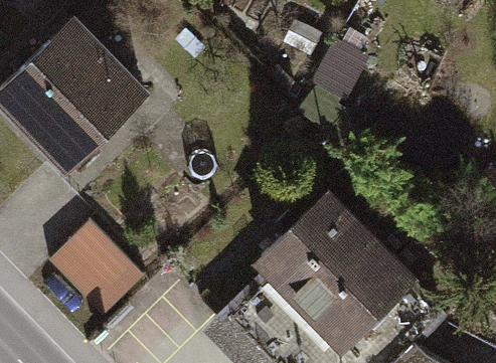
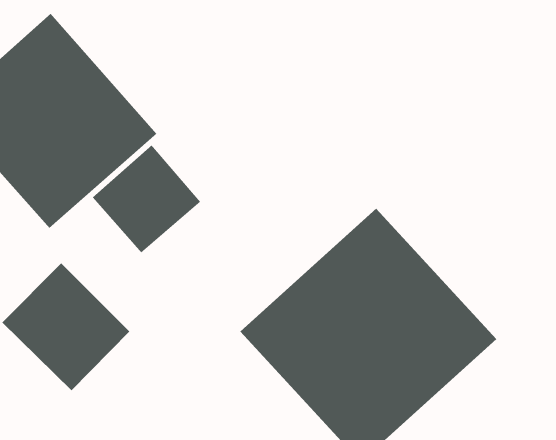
building: none -> [92,145,201,254]

